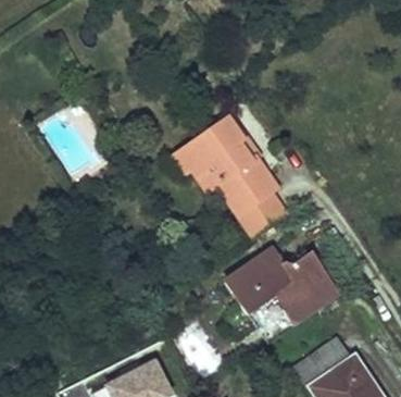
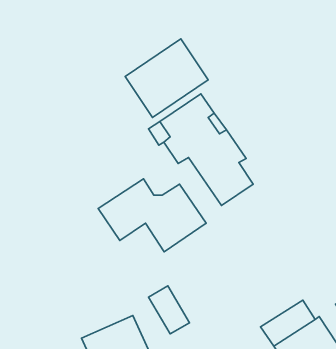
building: none -> [125,39,208,117]
building: [225,248,339,325] -> [98,179,206,252]

